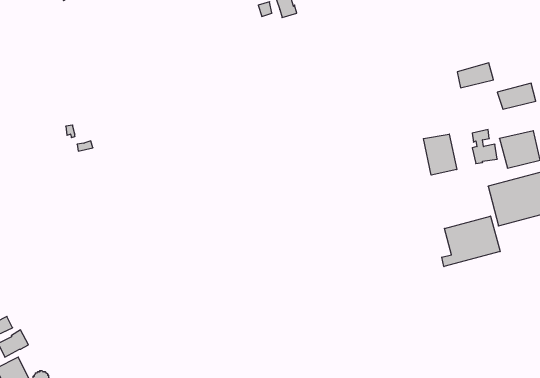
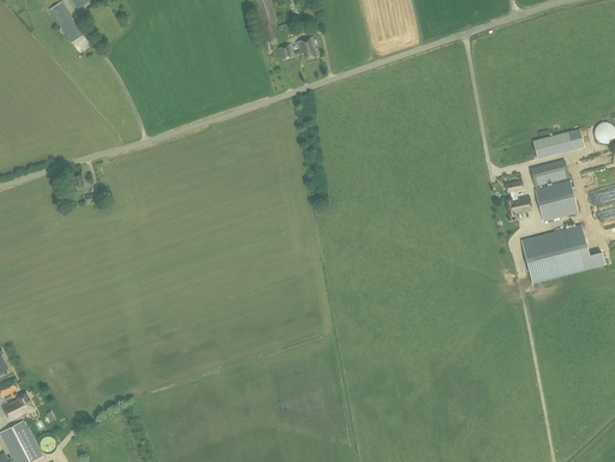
building: [457,63,493,88] -> [530,160,568,186]
building: [423,134,457,175] -> none
building: [442,216,500,267] -> none

